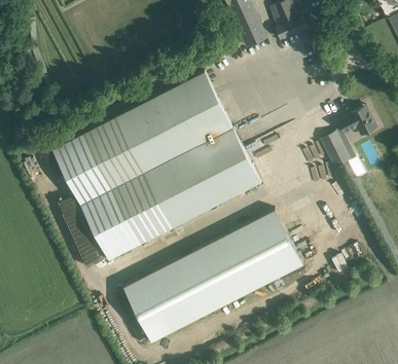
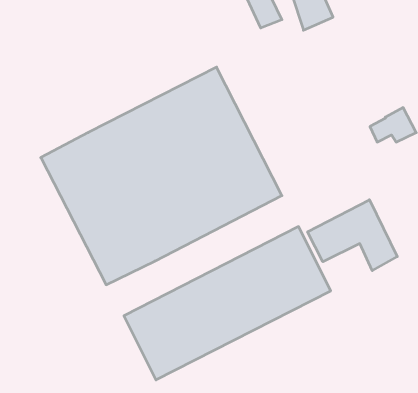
building: [320,132,351,170] -> none
building: none -> [308,200,397,271]

